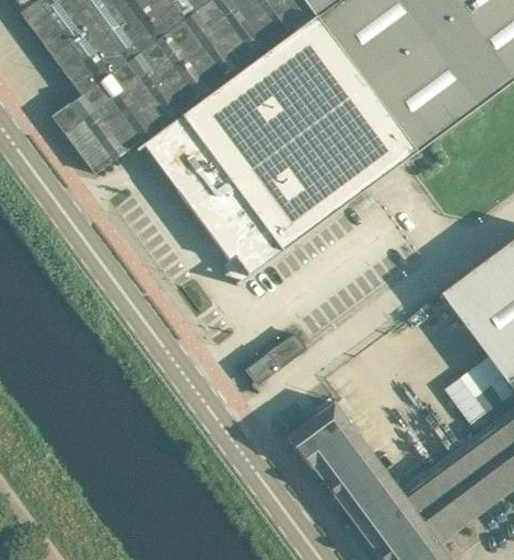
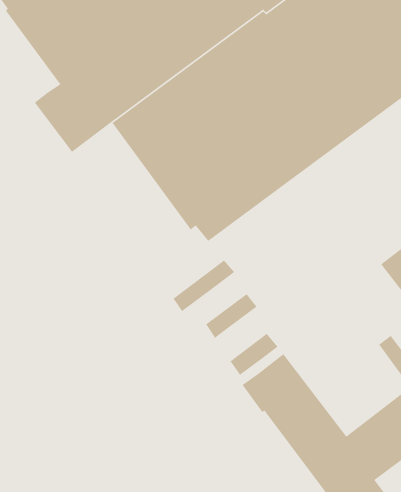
building: none -> [172,260,235,312]
building: none -> [229,333,278,376]

